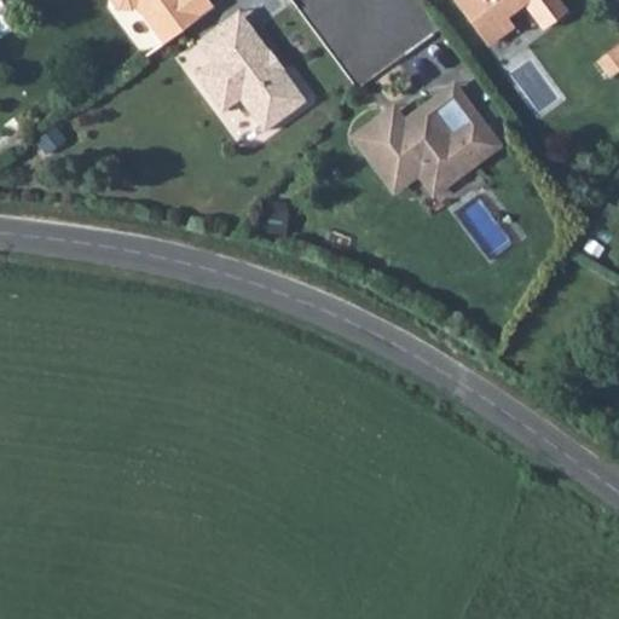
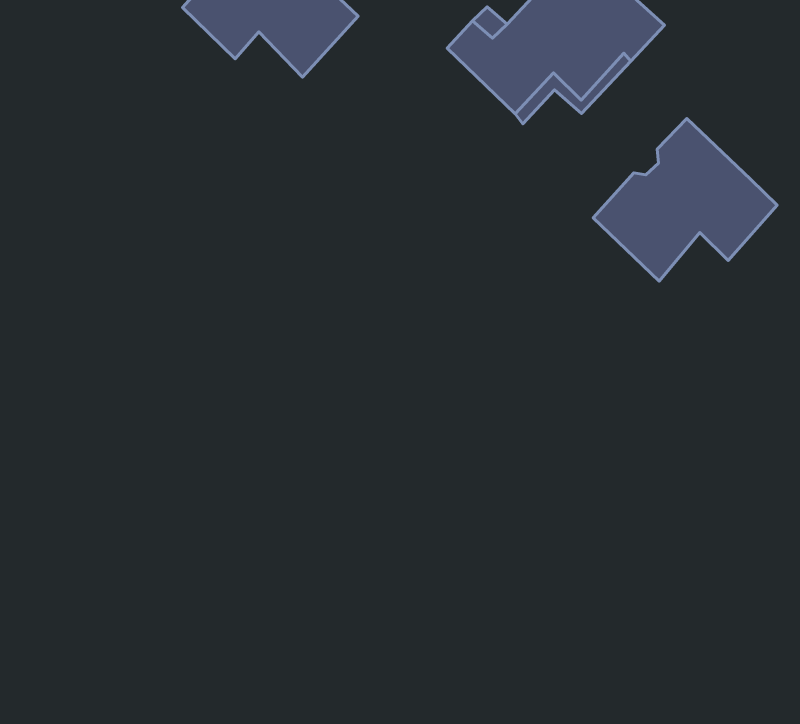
building: none -> [593,118,777,281]

